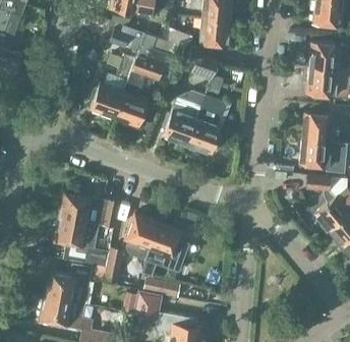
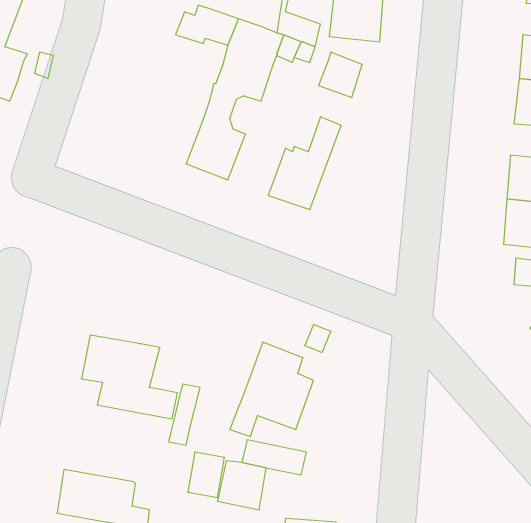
building: [90,55,135,118] -> none
building: [186,96,225,154] -> none
building: [58,192,118,228] -> none
building: [124,213,159,260] -> none
building: [43,264,92,304] -> none

